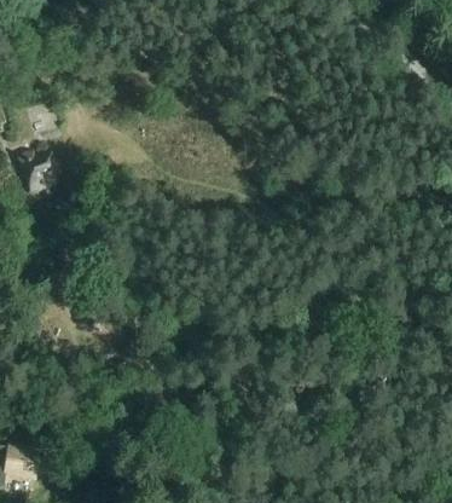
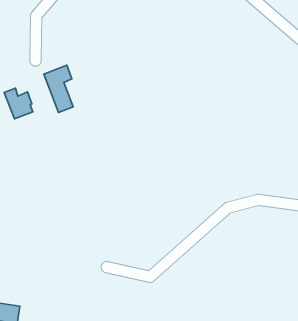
building: none -> [44,65,73,112]

